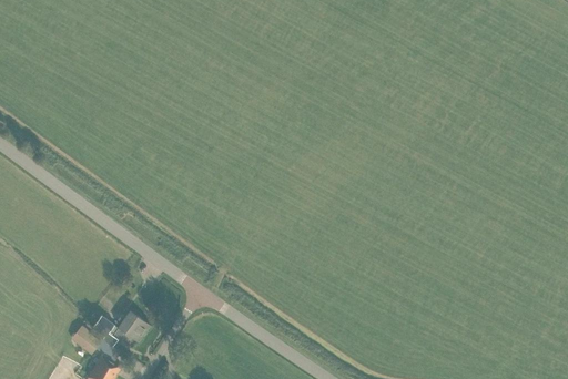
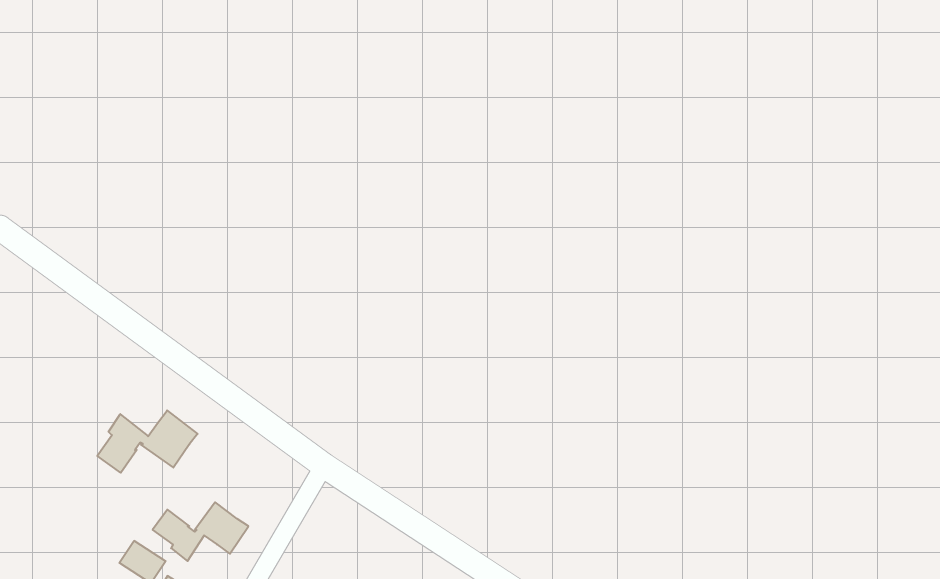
building: none -> [97,410,198,473]

